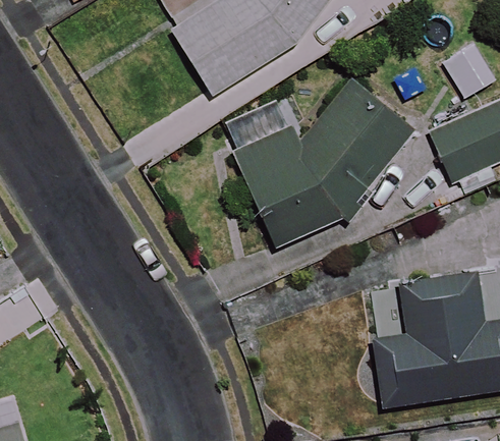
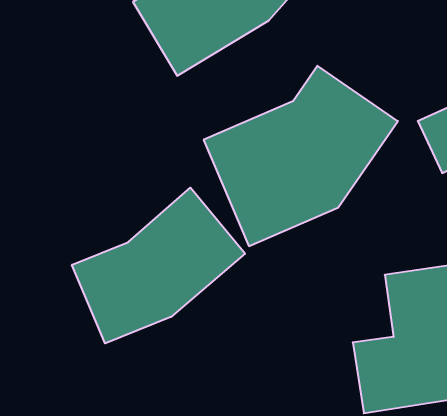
building: none -> [72,188,245,343]

